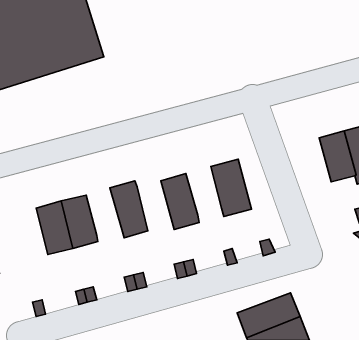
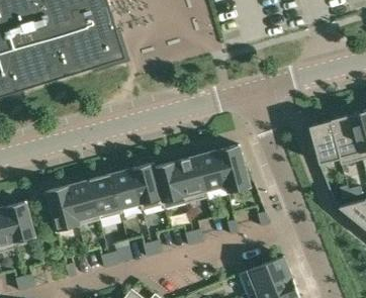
building: none -> [194,150,224,191]
building: none -> [153,162,184,208]
building: none -> [109,168,140,208]
building: none -> [44,185,77,230]

